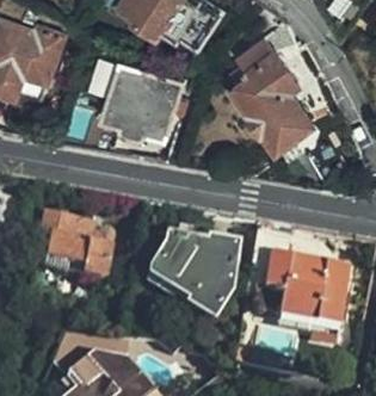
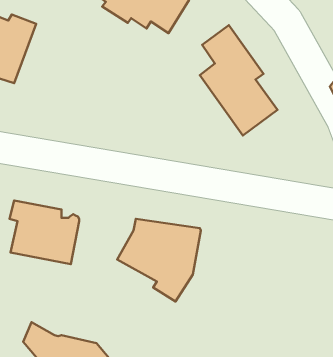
building: [105,64,185,138] -> none
building: [261,258,349,332] -> none

